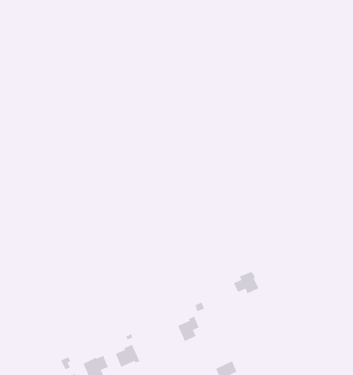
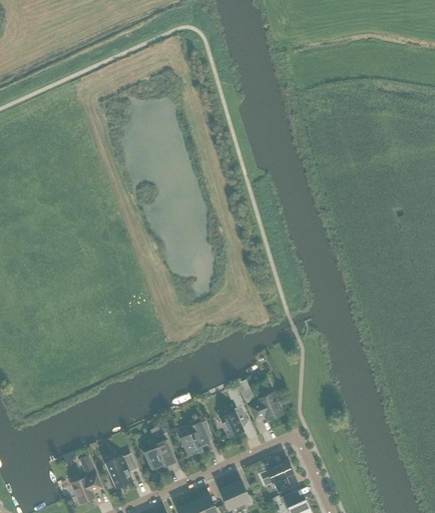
building: [233,271,259,294] -> [250,393,282,421]
building: none -> [180,423,208,456]

